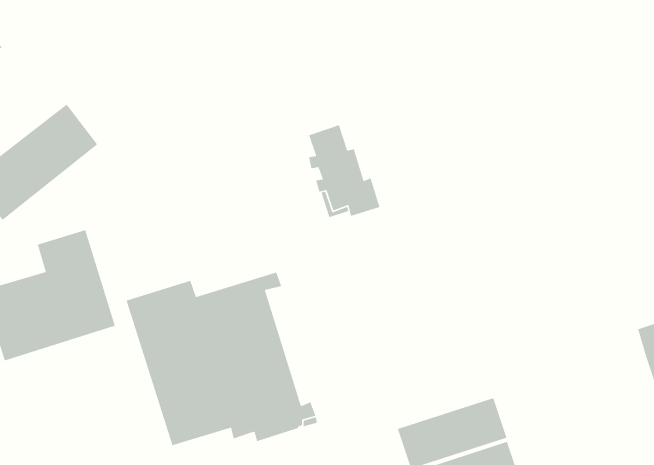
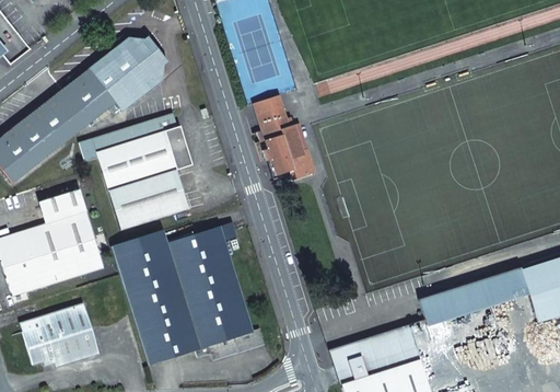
building: none -> [65,36,167,122]
building: none -> [80,114,192,230]
building: none -> [421,265,528,322]
building: none -> [21,302,100,367]

